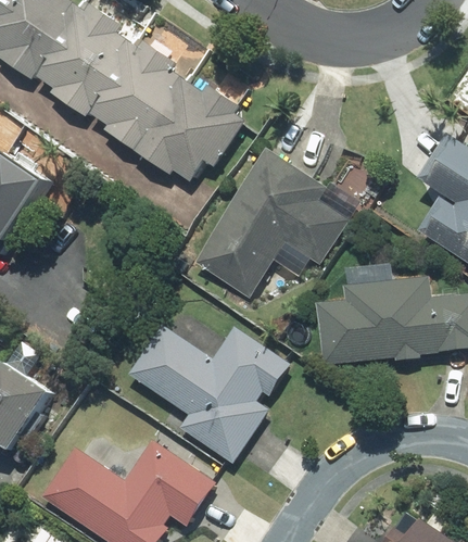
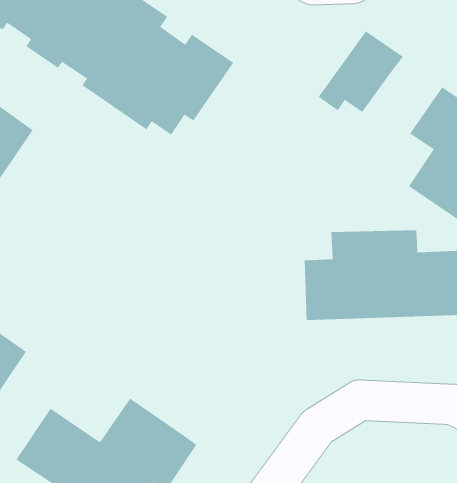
building: none -> [318,31,404,113]
building: [192,146,344,297] -> none
building: [128,323,288,463] -> none

